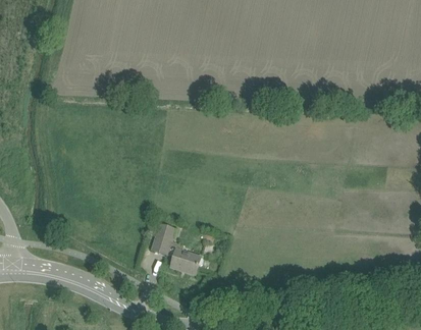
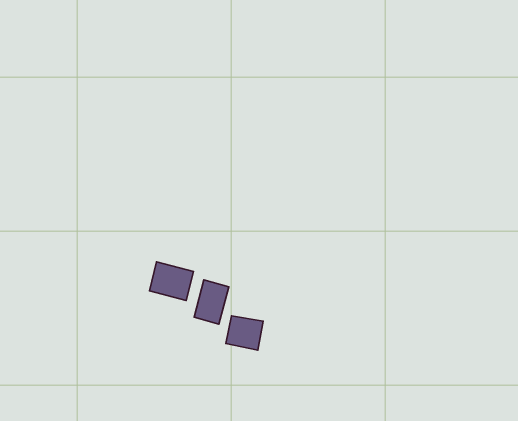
building: none -> [149,262,193,300]

